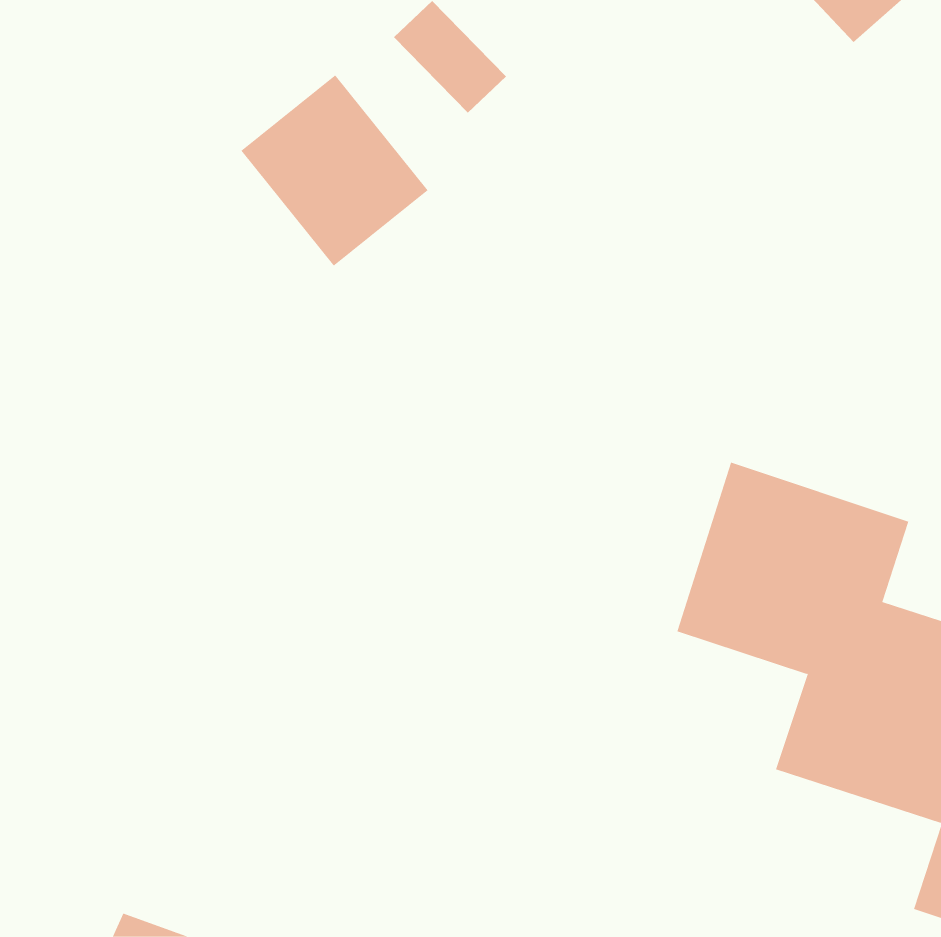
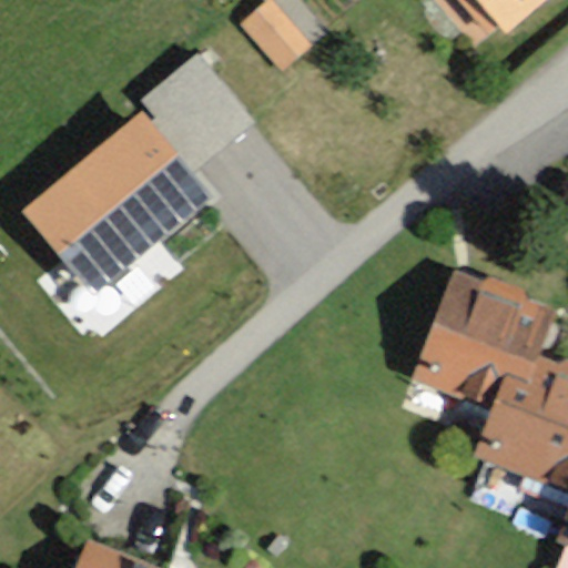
building: none -> [30,106,222,292]

